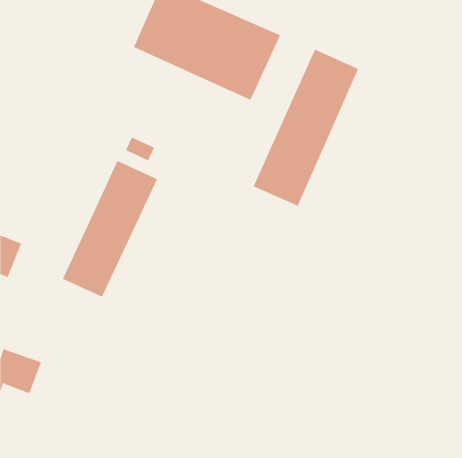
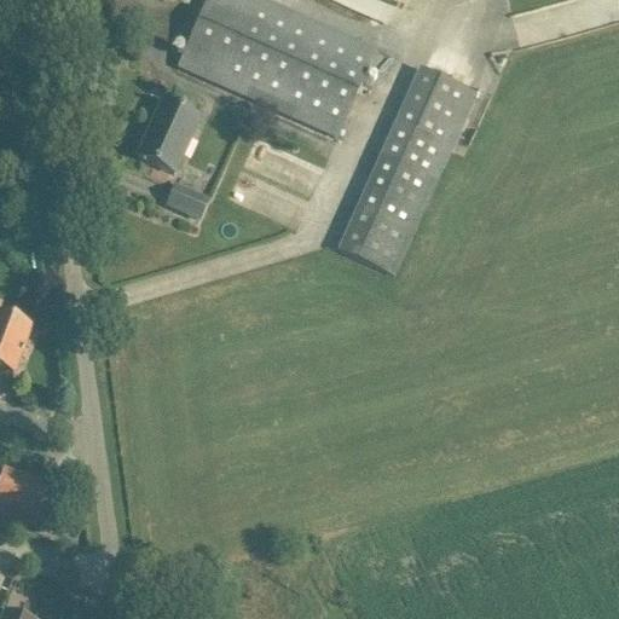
building: none -> [137,99,197,170]
building: [62,160,158,298] -> none

